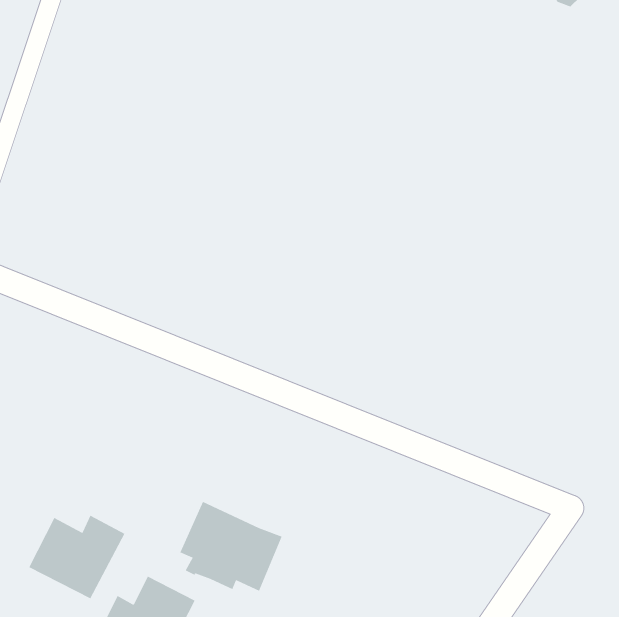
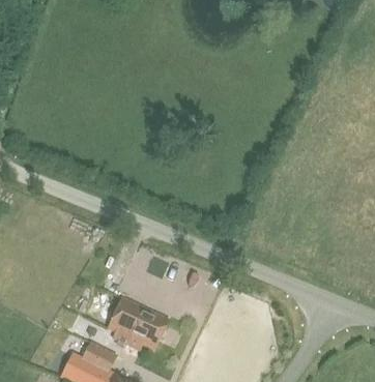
building: [29,515,125,599] -> none

